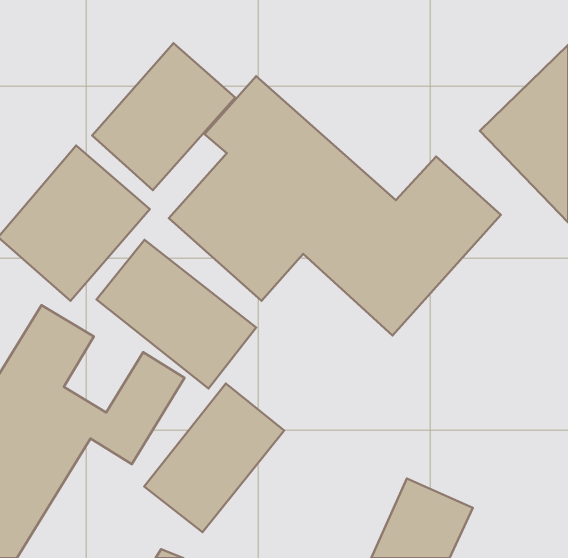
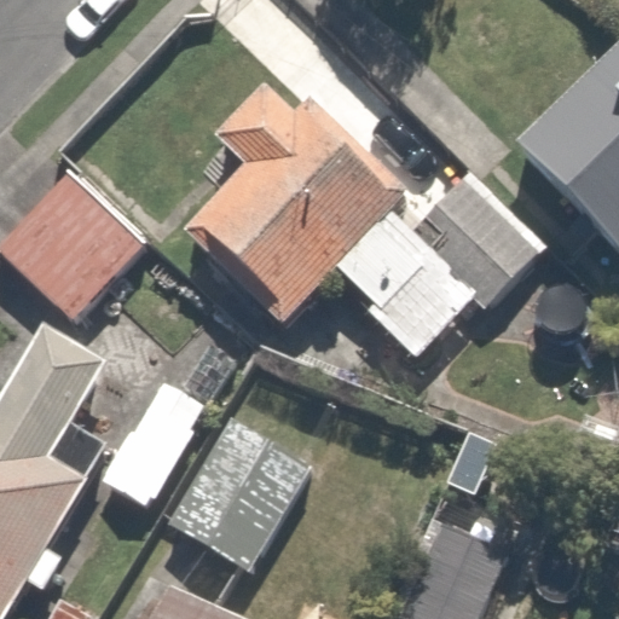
building: [92,43,235,190] -> none
building: [97,240,256,388] -> none

